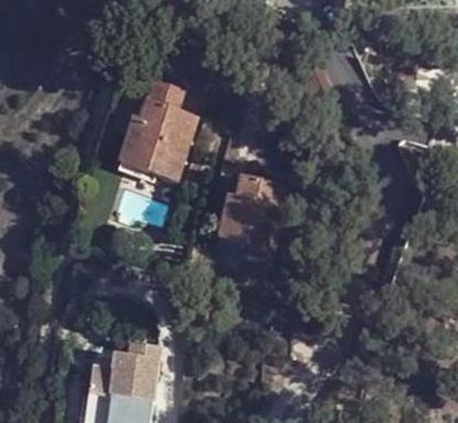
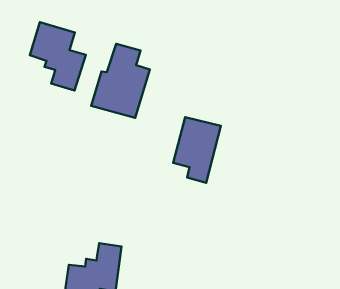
building: none -> [30,22,86,90]

